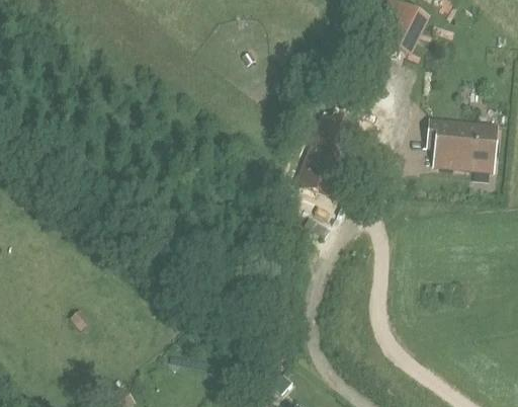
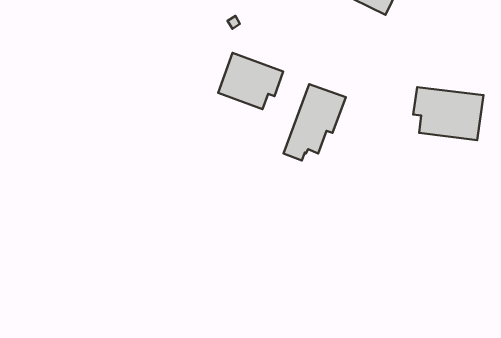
building: none -> [218,53,283,109]

